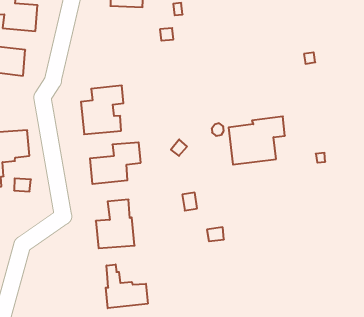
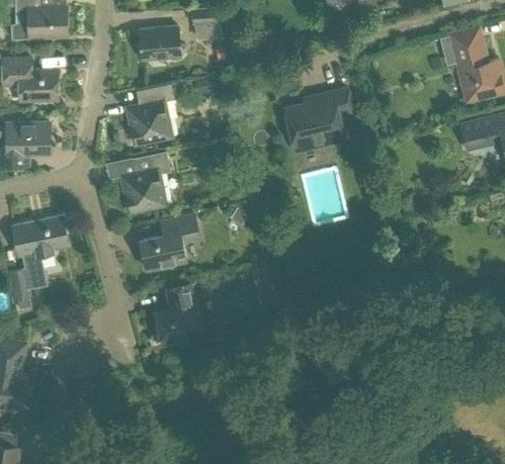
building: none -> [127,83,177,145]
building: [229,116,285,165] -> [284,88,351,151]
building: [106,264,148,308] -> none

